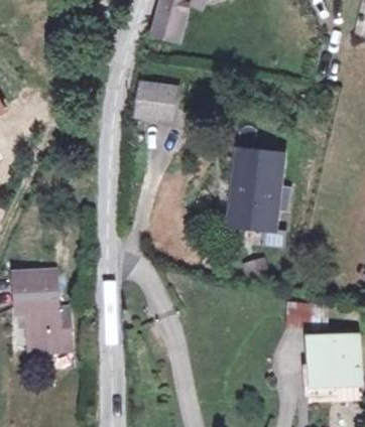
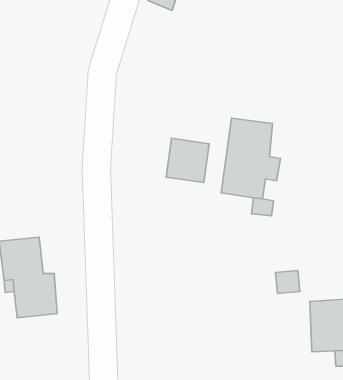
building: [137,83,173,116] -> none
building: none -> [166,138,209,182]

